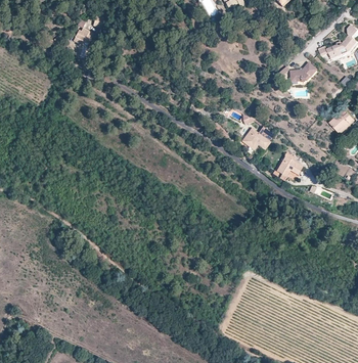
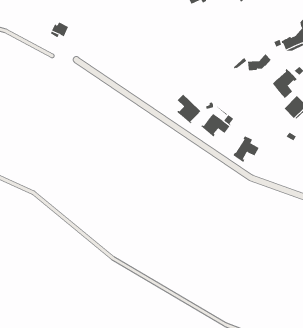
building: none -> [272,68,298,99]
building: none -> [176,94,201,125]

